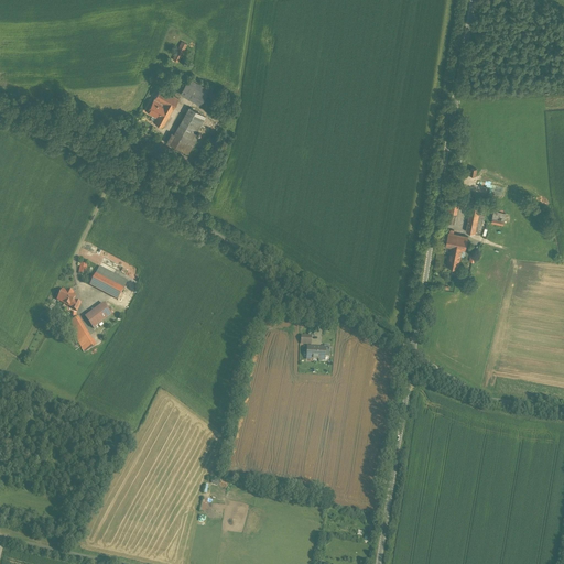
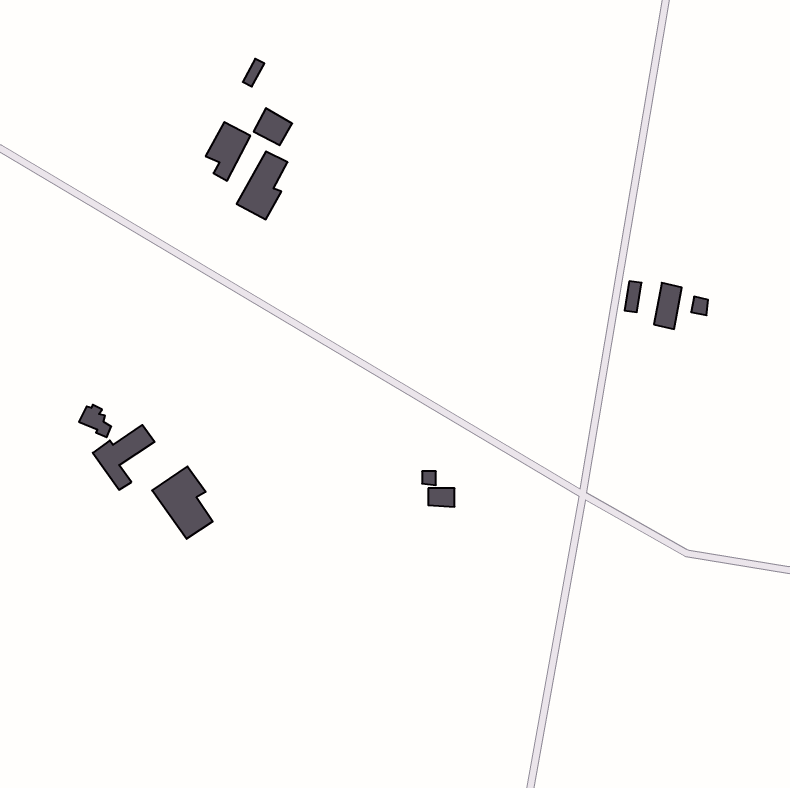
building: [445,231,469,268] -> none
building: [90,267,128,300] -> none
building: none -> [152,466,213,539]

